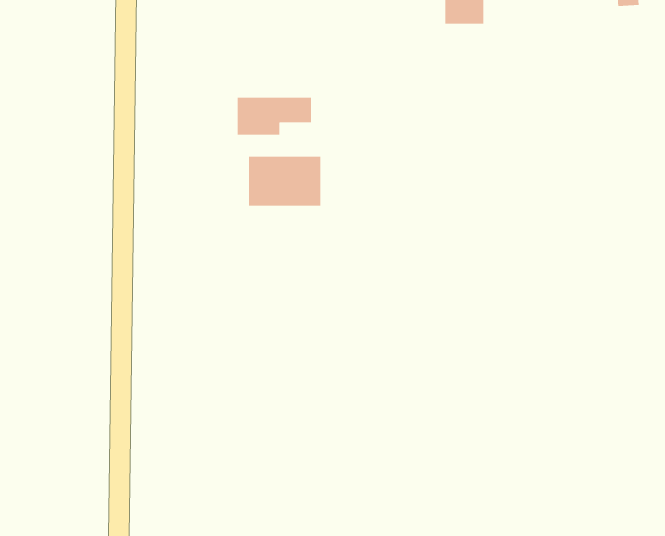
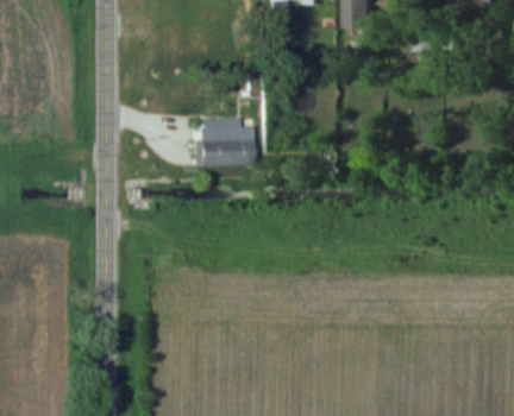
building: [237,97,312,136] -> none

